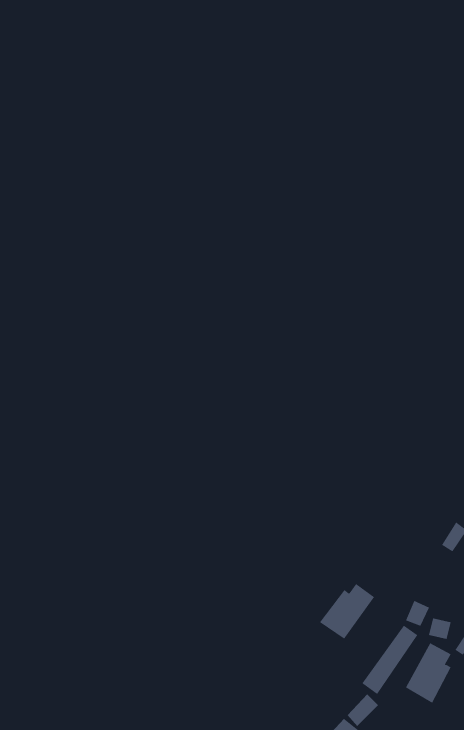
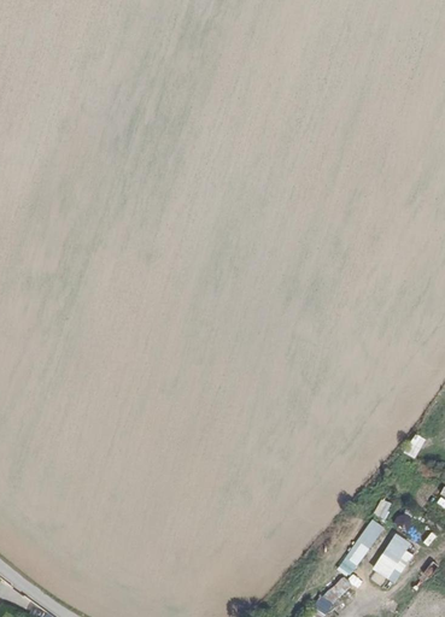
building: [319,583,375,639] -> none

